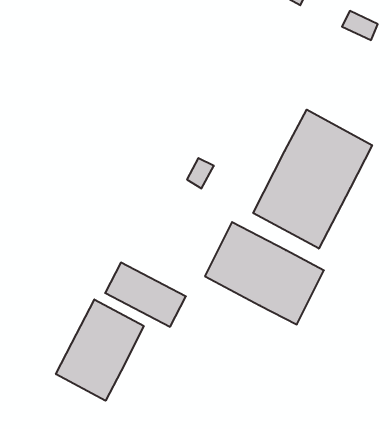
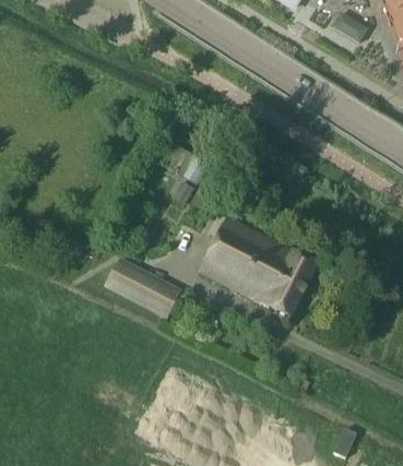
building: [253,110,372,249] -> none
building: [56,299,144,401] -> none

